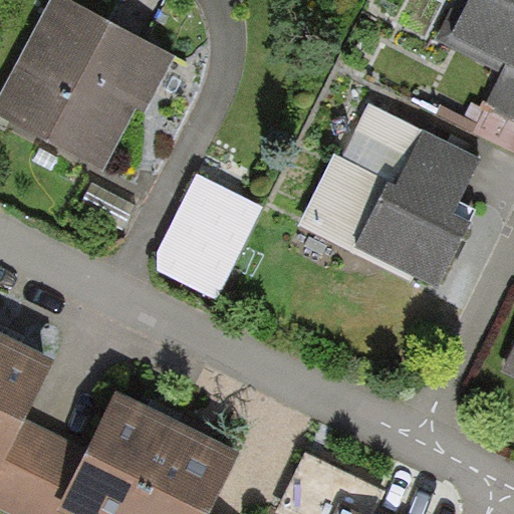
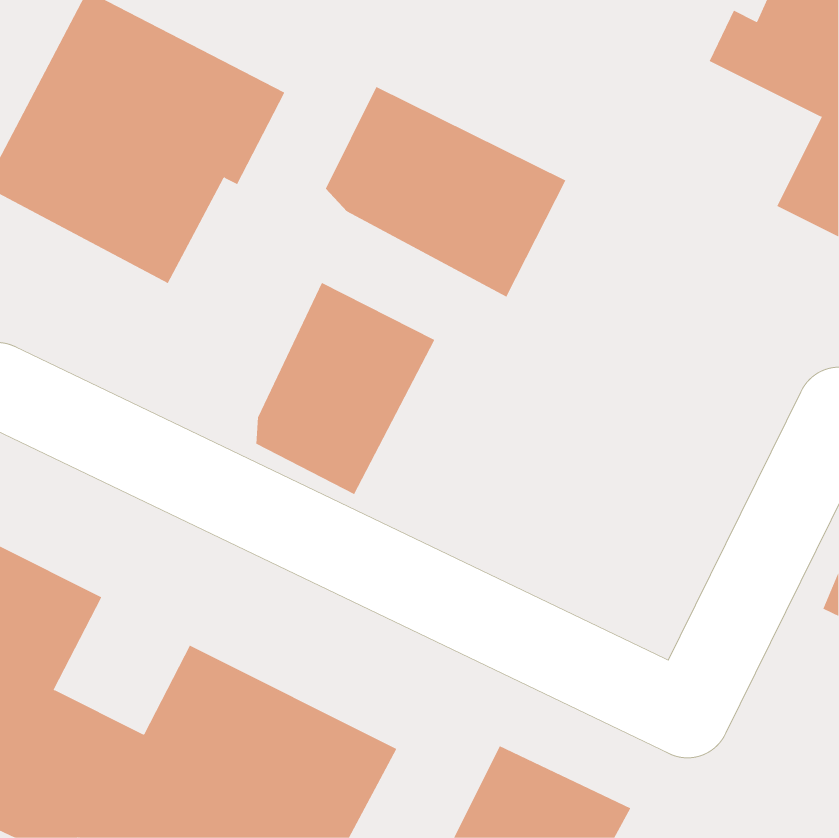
building: none -> [325,86,566,297]
building: [300,102,481,288] -> none

